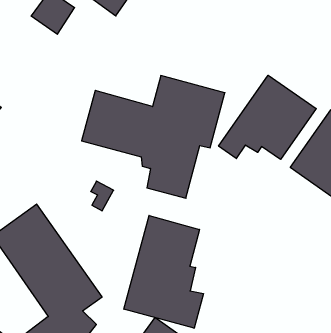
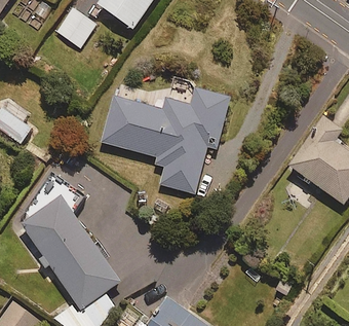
building: [219,75,316,159] -> none
building: [124,215,203,328] -> none

